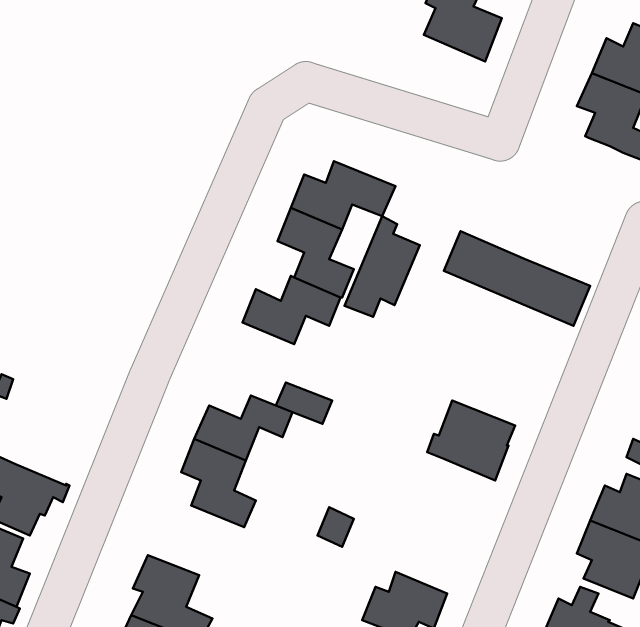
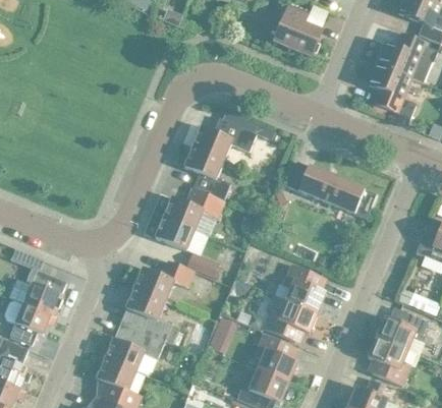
building: [345,216,420,317] -> none
building: none -> [155,216,195,249]
building: none -> [23,267,66,315]
building: none -> [267,299,318,344]
building: none -> [105,328,164,370]
building: none -> [255,334,299,382]

